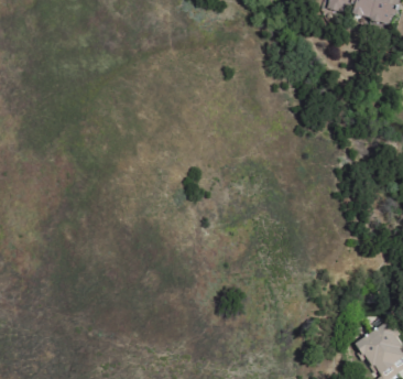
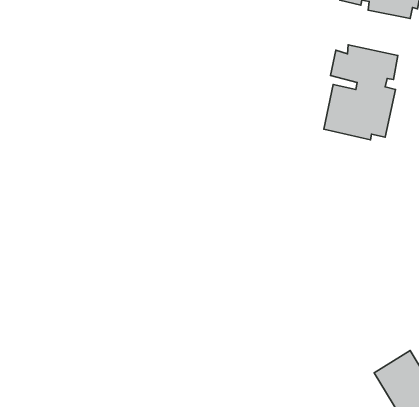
building: none -> [324,45,398,140]

